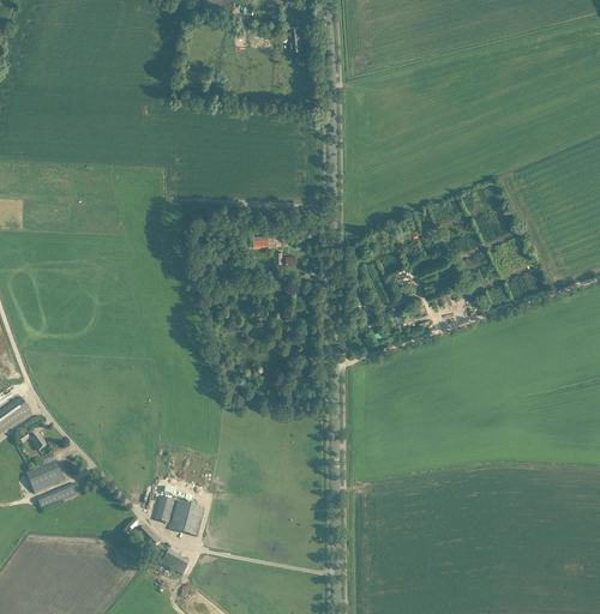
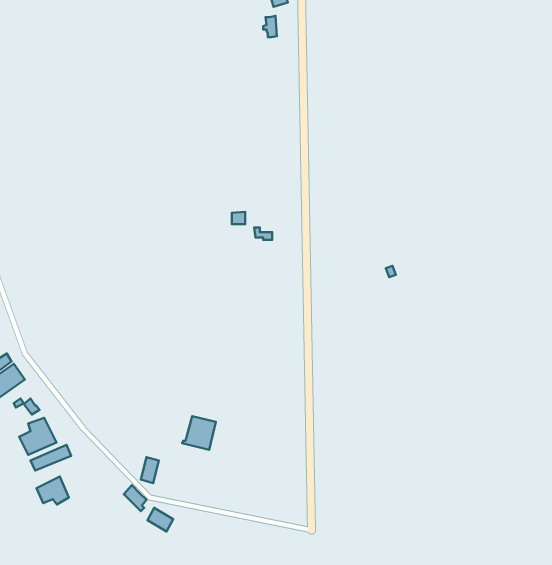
building: [166,500,202,536] -> [182,416,216,450]
building: none -> [37,477,69,505]

